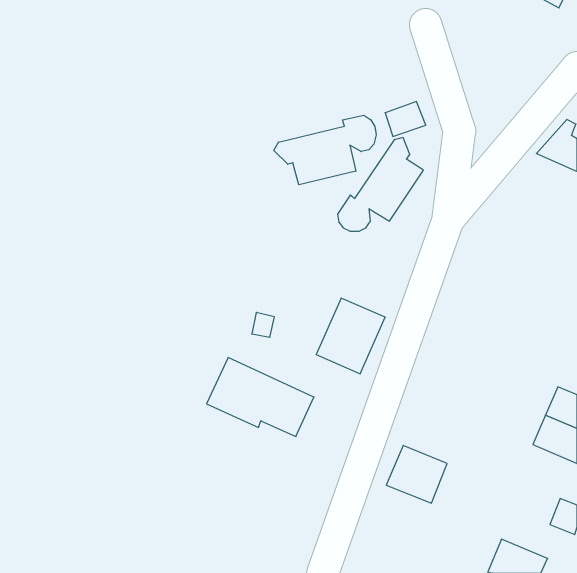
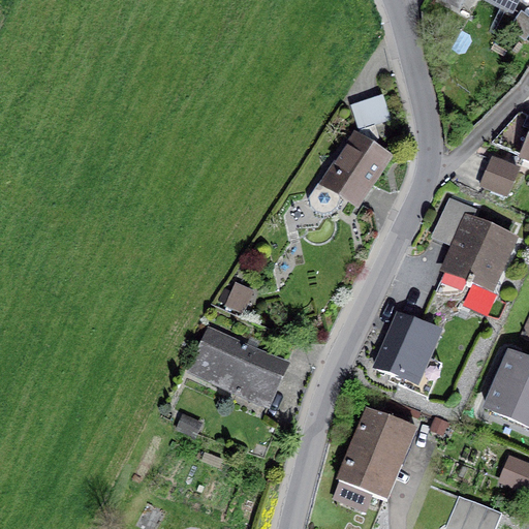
building: [274,115,376,185] -> none
building: none -> [480,157,519,195]
building: none -> [436,196,512,289]
building: [316,298,385,374] -> [376,314,439,383]
building: none -> [339,444,395,497]

